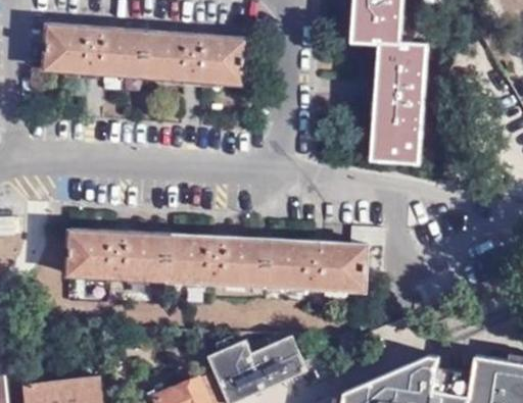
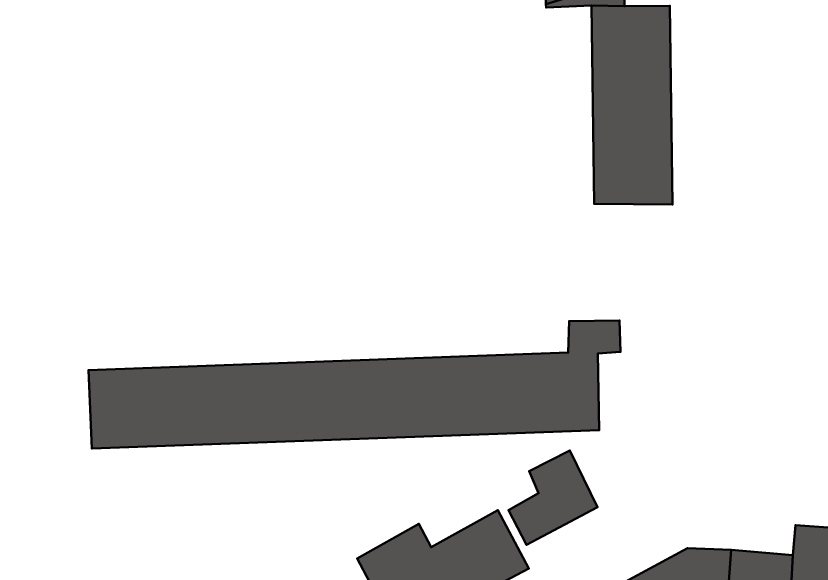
building: [43,24,244,84] -> none
building: none -> [508,451,597,545]

